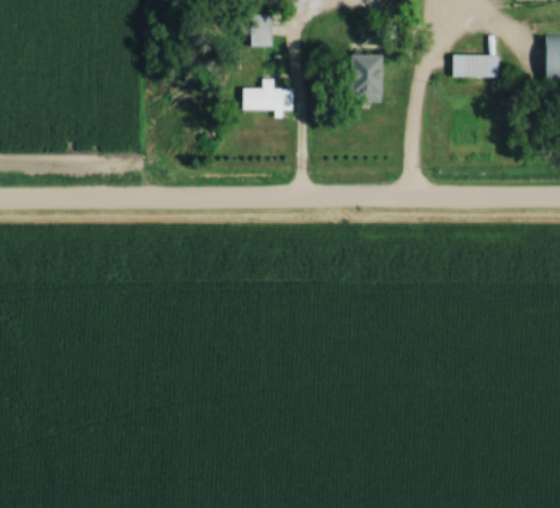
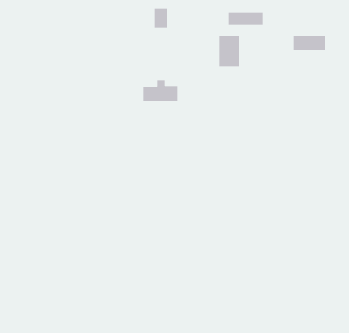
building: none -> [228,12,263,25]
building: [242,79,294,111] -> [142,80,178,102]

